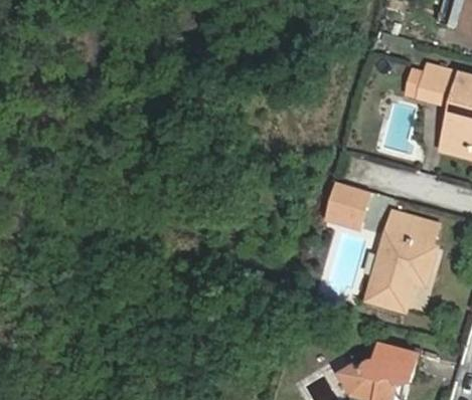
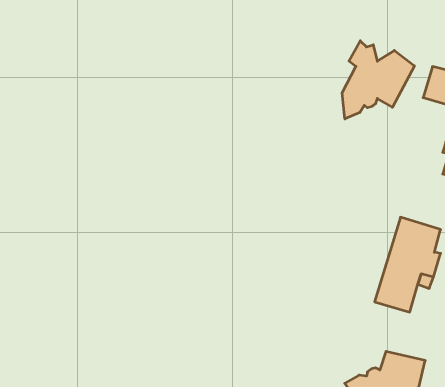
building: none -> [342,41,414,119]
building: [321,182,366,231] -> none

